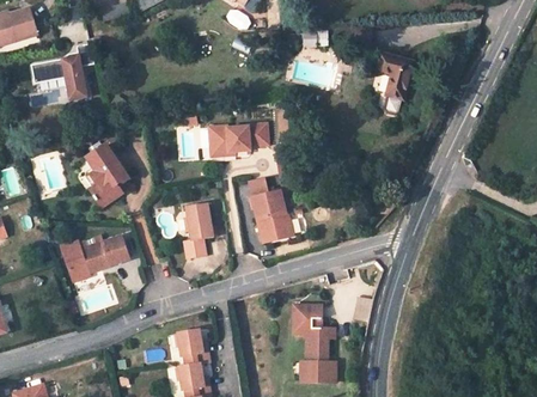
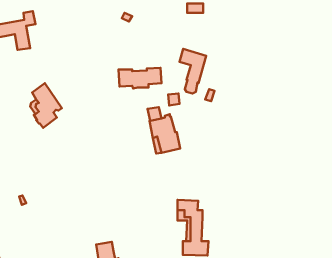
building: [376,51,413,114] -> [180,49,206,94]
building: [184,202,214,258] -> none
building: [62,234,132,280] -> none
building: [177,331,209,367] -> none

